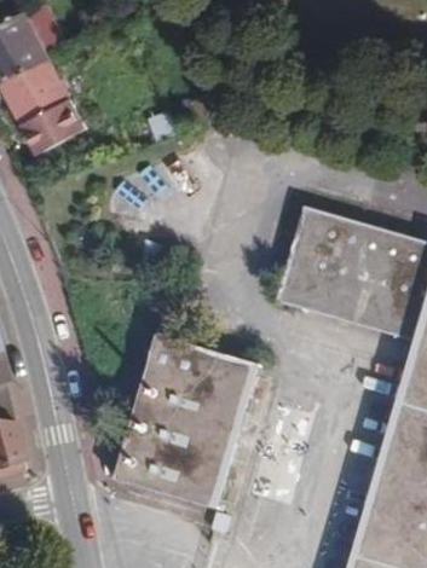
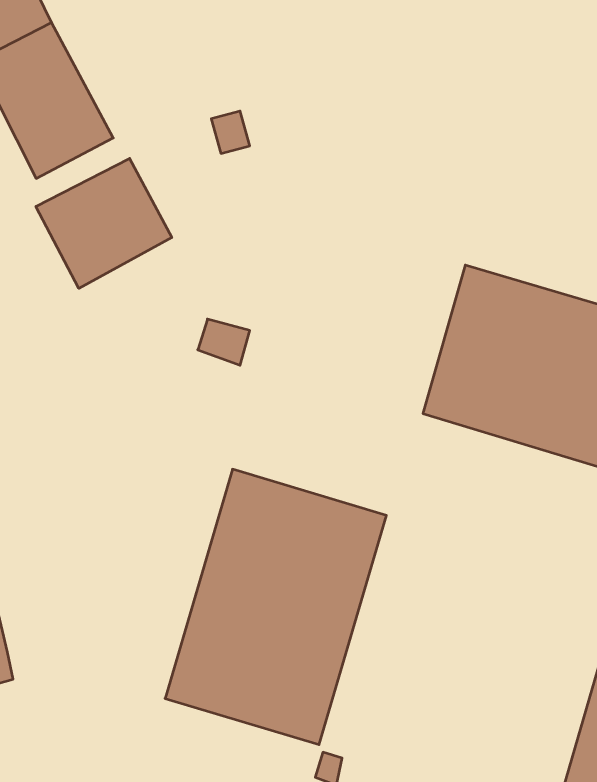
building: none -> [36,158,172,288]

